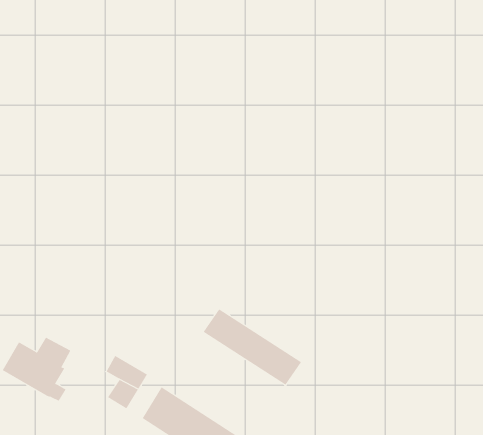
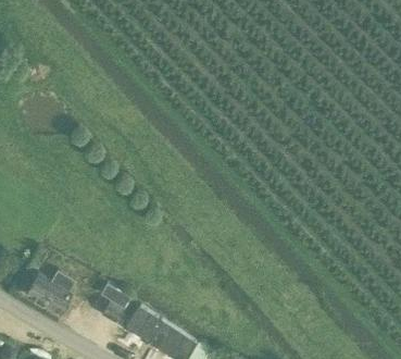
building: [203,308,302,385] -> none

